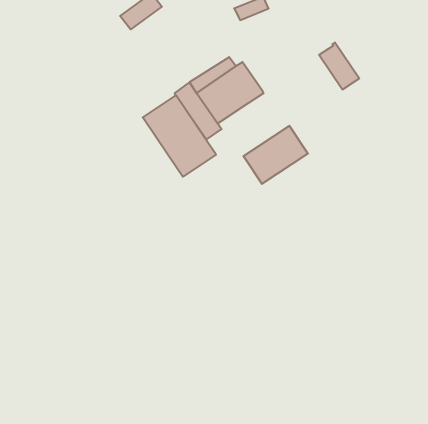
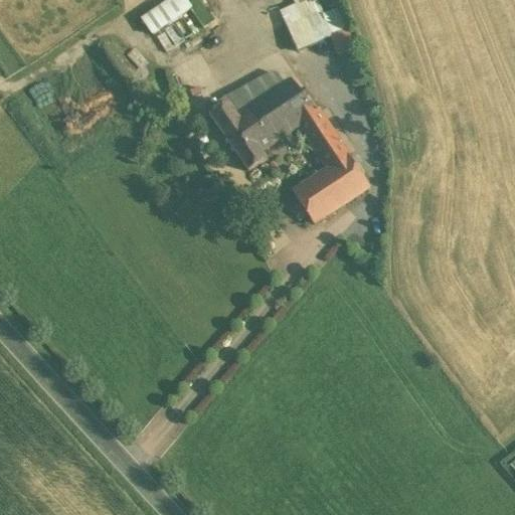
building: none -> [288,10,331,46]
building: [319,42,359,89] -> [299,108,347,164]
building: [143,95,216,177] -> none

